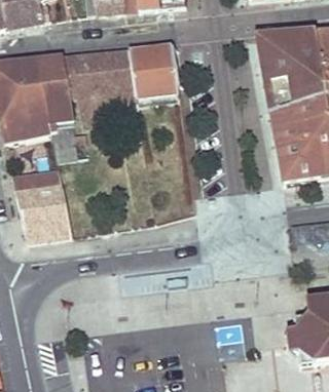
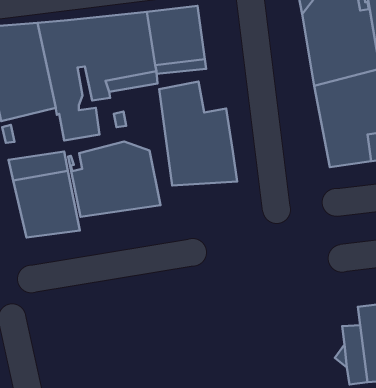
building: none -> [159,81,237,185]
building: none -> [68,142,161,217]

